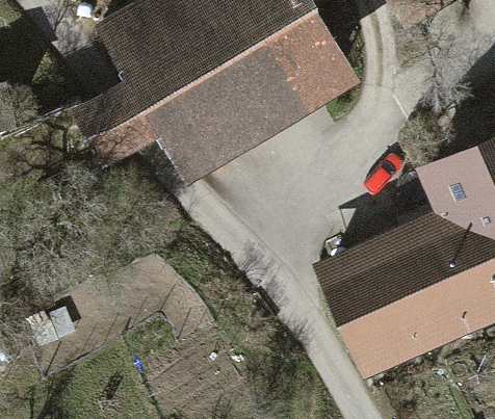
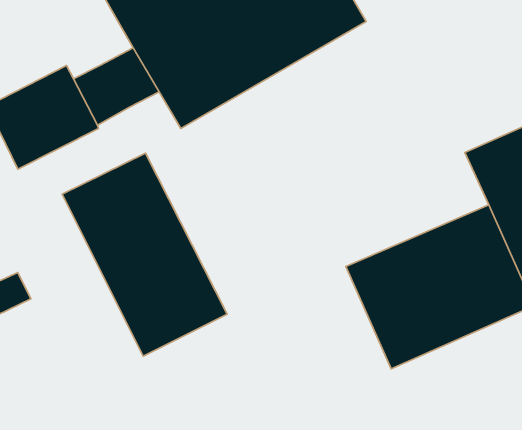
building: none -> [62,153,227,356]

